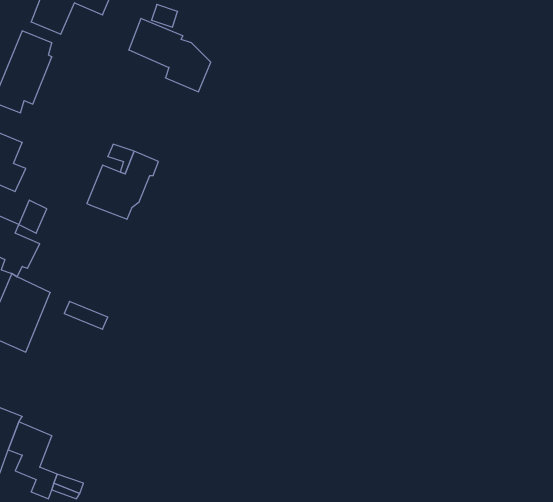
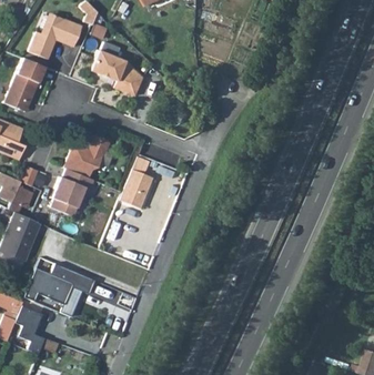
building: none -> [50,168,93,215]
building: none -> [119,168,152,206]
building: none -> [23,263,95,304]

